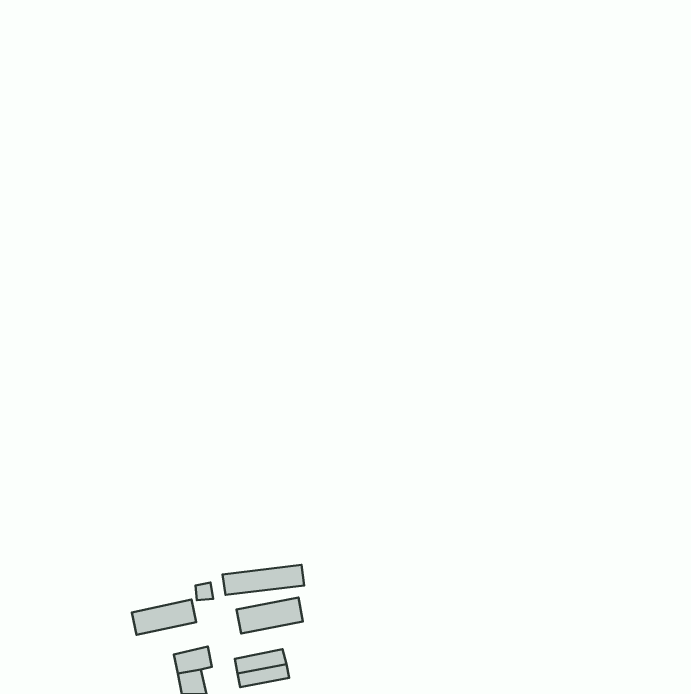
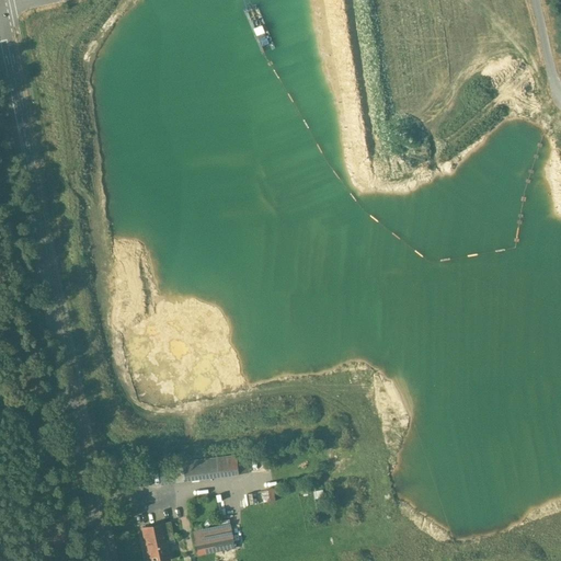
building: [237,598,303,634] -> none
building: [132,600,196,635] -> none

